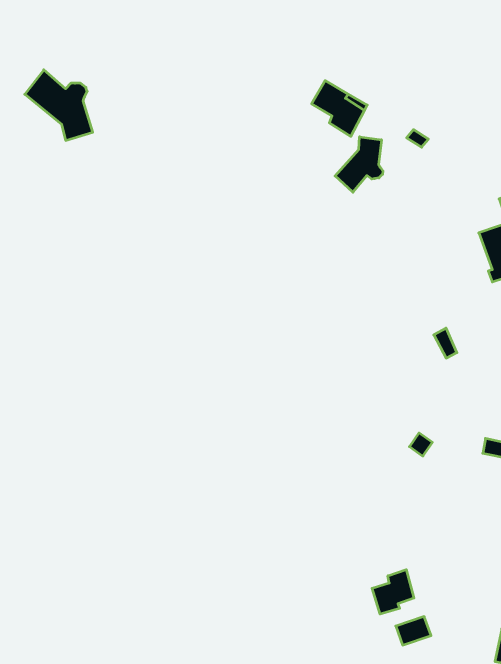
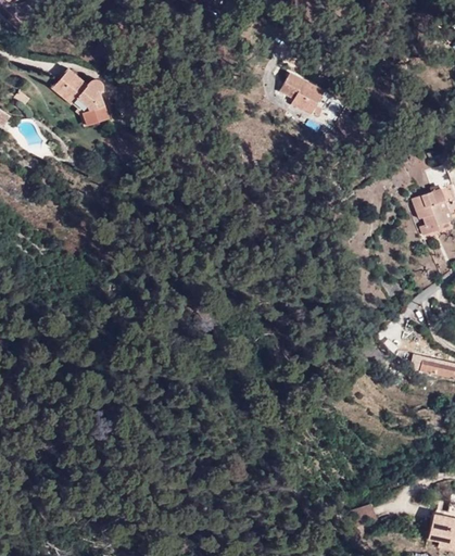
building: [335,137,383,192] -> none
building: [372,570,414,614] -> none

